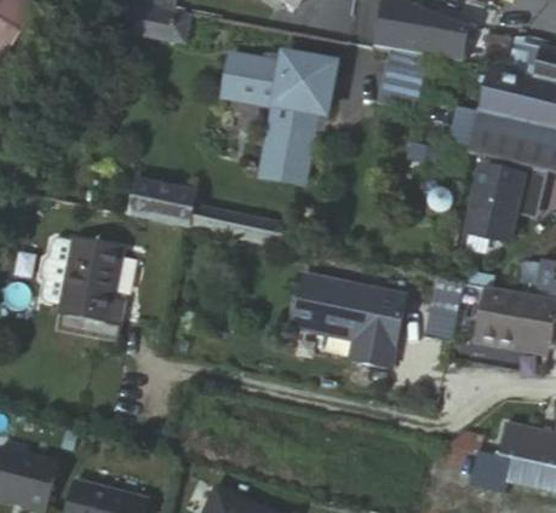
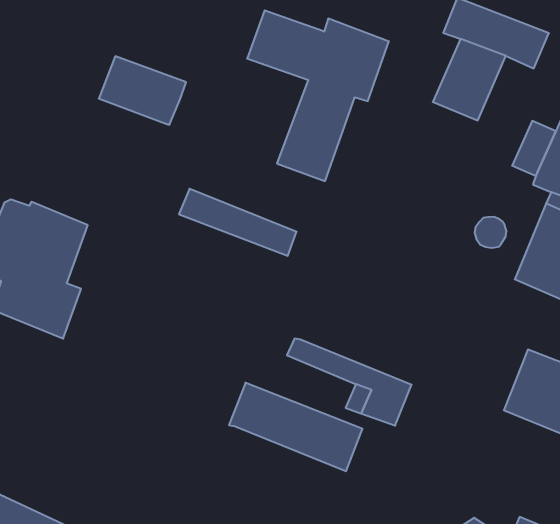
building: [128,179,196,226] -> [99,56,186,125]
building: [299,273,407,330] -> [229,383,363,471]
building: [429,276,466,340] -> none

